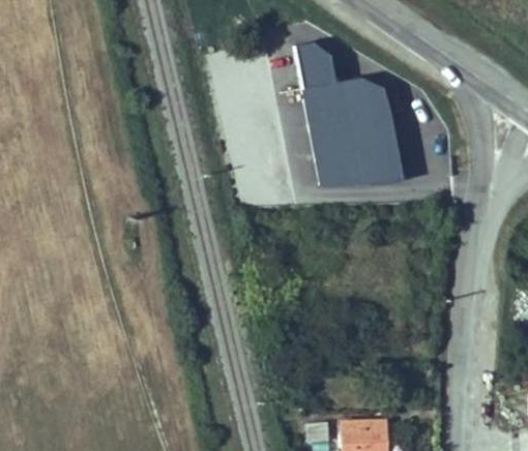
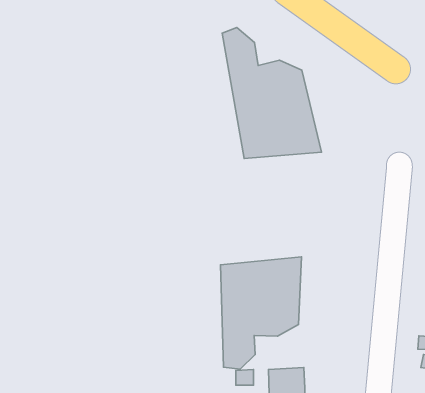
building: none -> [220,257,302,369]

